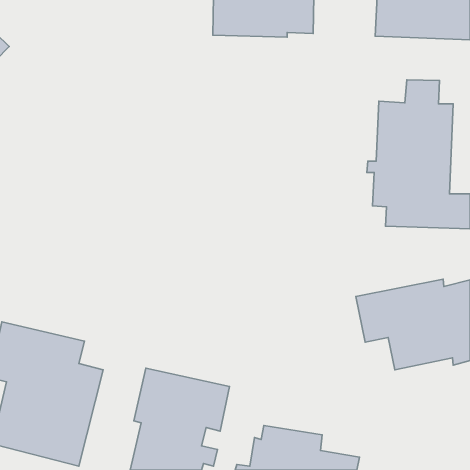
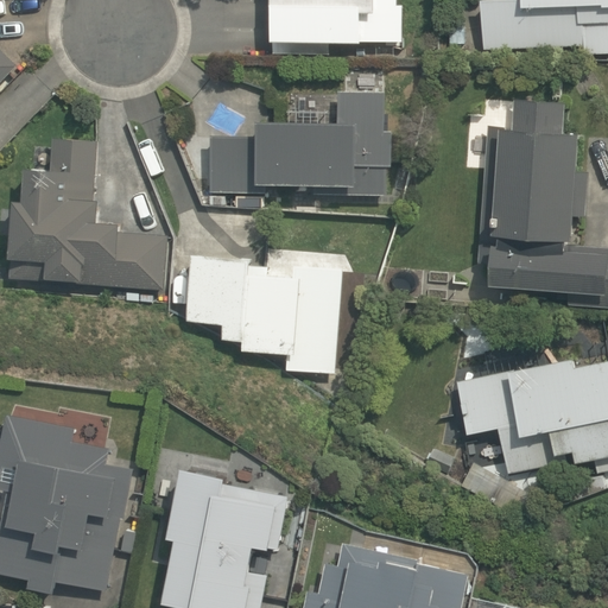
building: none -> [204,91,395,198]
building: none -> [7,140,163,289]
building: none -> [190,243,341,373]

